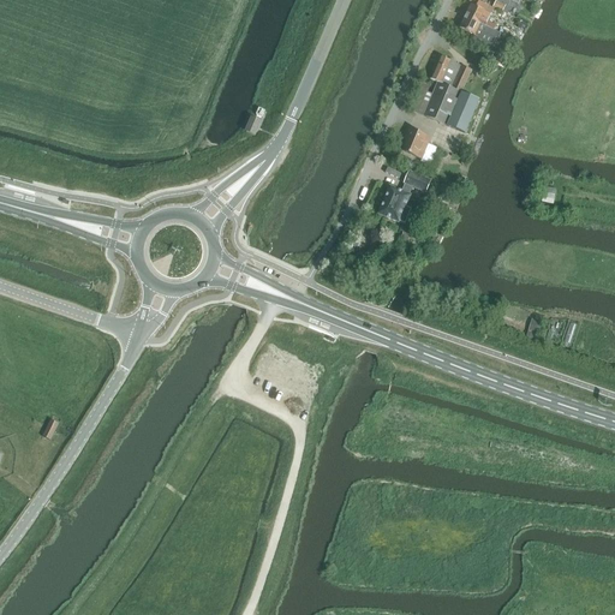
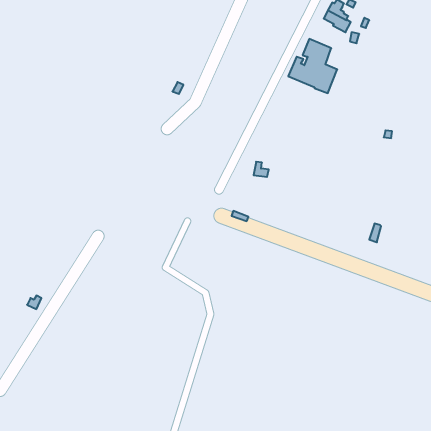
building: [402,127,431,157] -> none
building: [380,169,432,222] -> none

